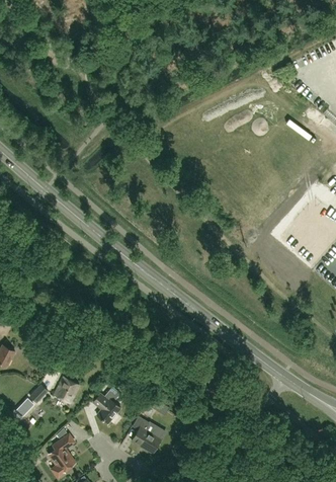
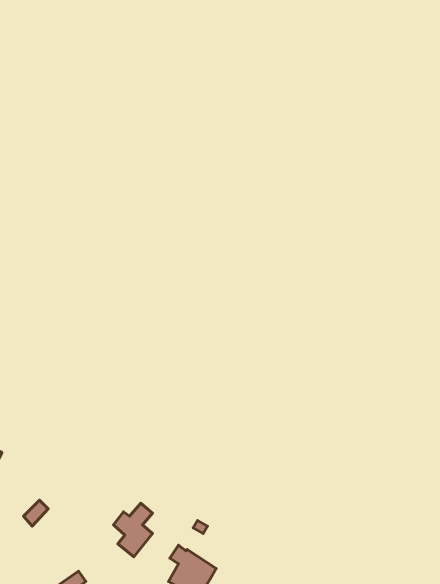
building: [55,377,80,403] -> none

